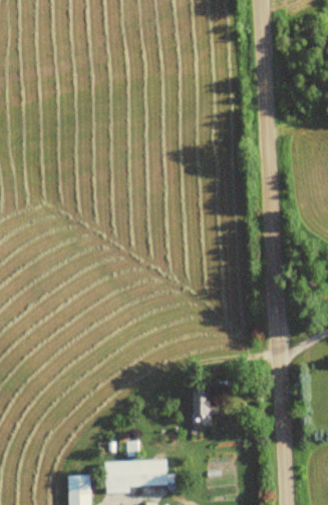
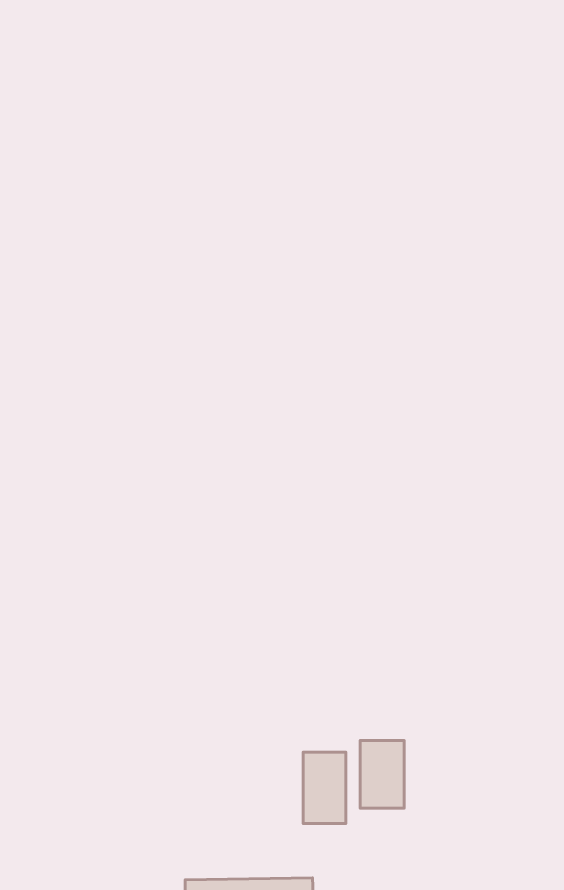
building: none -> [303,752,346,823]

